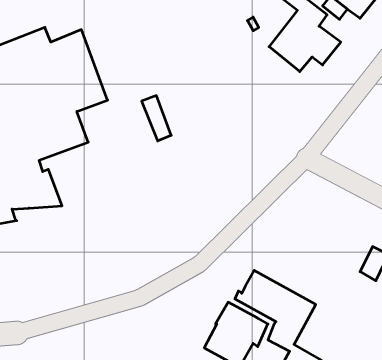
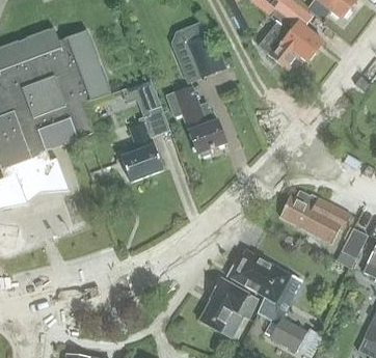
building: none -> [185,33,220,77]
building: none -> [164,84,225,157]
building: none -> [119,121,162,182]
building: none -> [278,190,350,243]

